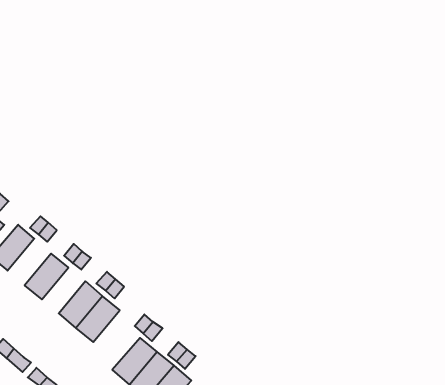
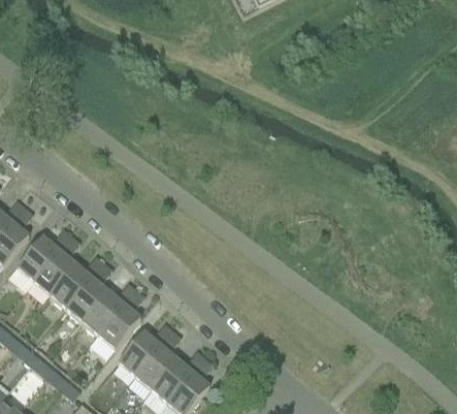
building: none -> [32,247,74,292]
building: none -> [65,275,107,319]
building: none -> [117,329,160,374]

